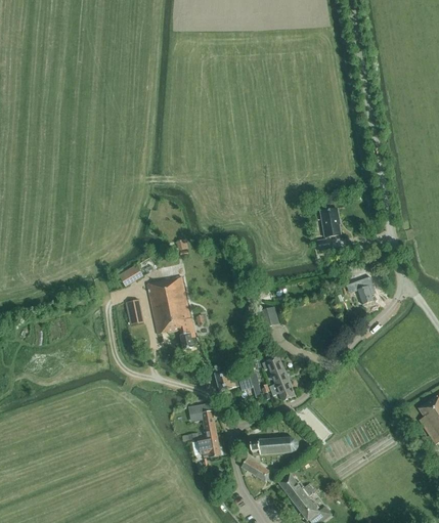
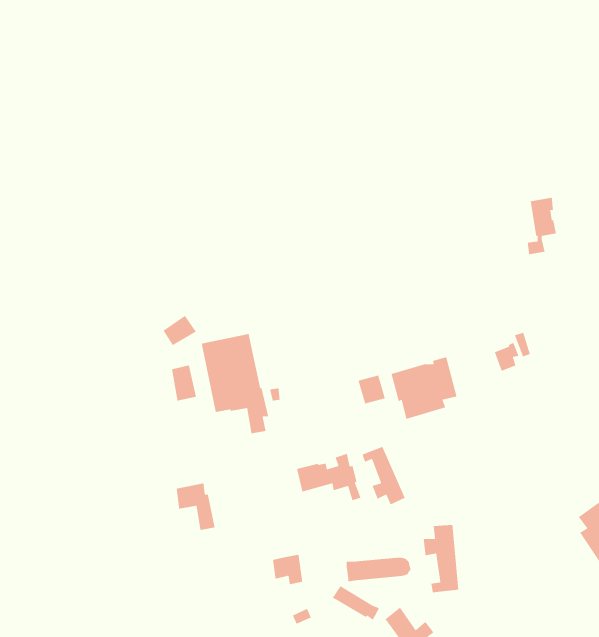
building: [318,208,340,250] -> [527,197,557,255]
building: none -> [390,356,458,420]
building: [188,402,217,437] -> [176,482,216,531]
building: none -> [423,524,459,593]

